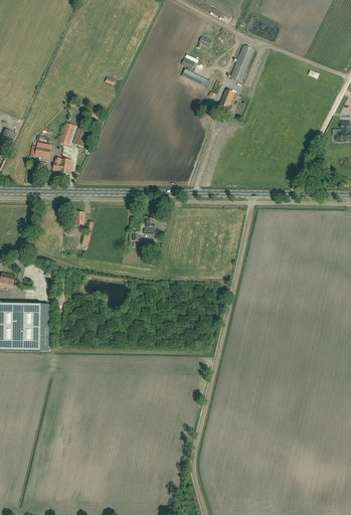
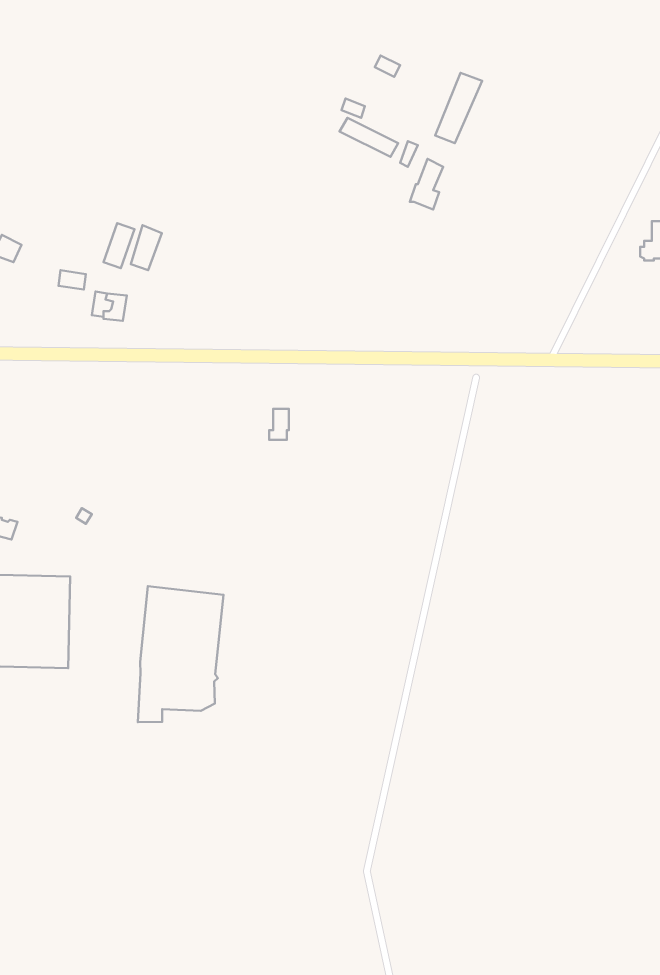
building: none -> [138,586,223,722]

